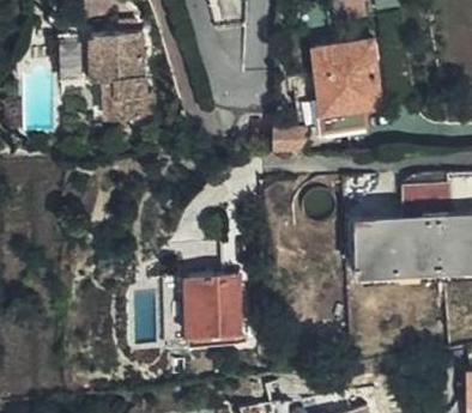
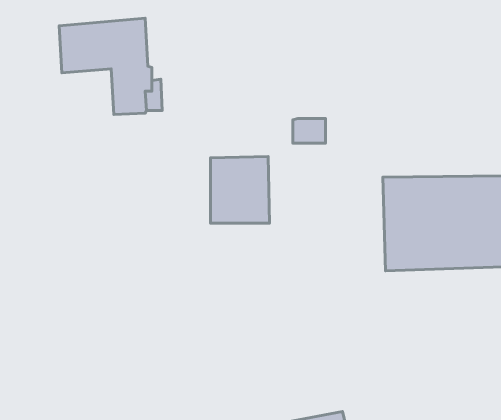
building: [313,41,381,114] -> none
building: [168,279,222,340] -> [211,157,269,223]

